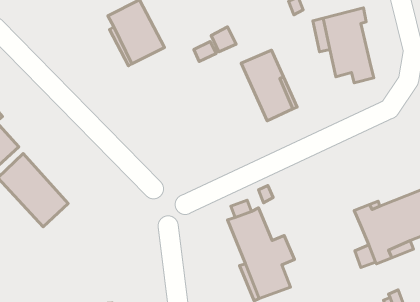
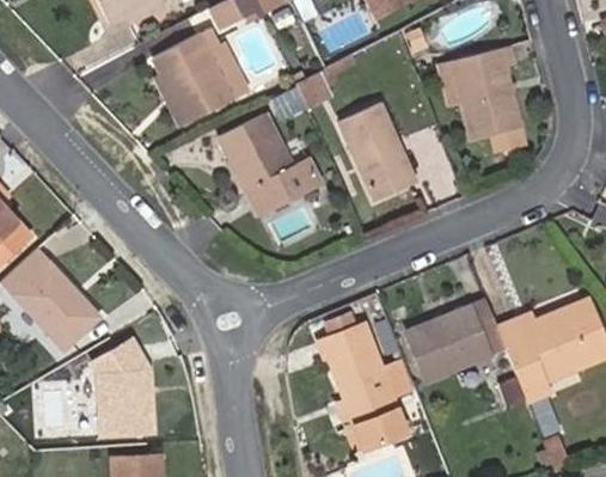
building: none -> [219,112,319,213]
building: none -> [405,300,506,380]
building: none -> [93,340,153,435]

